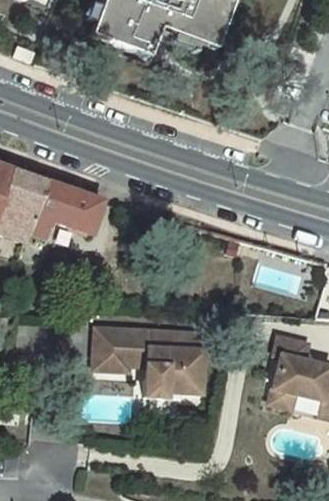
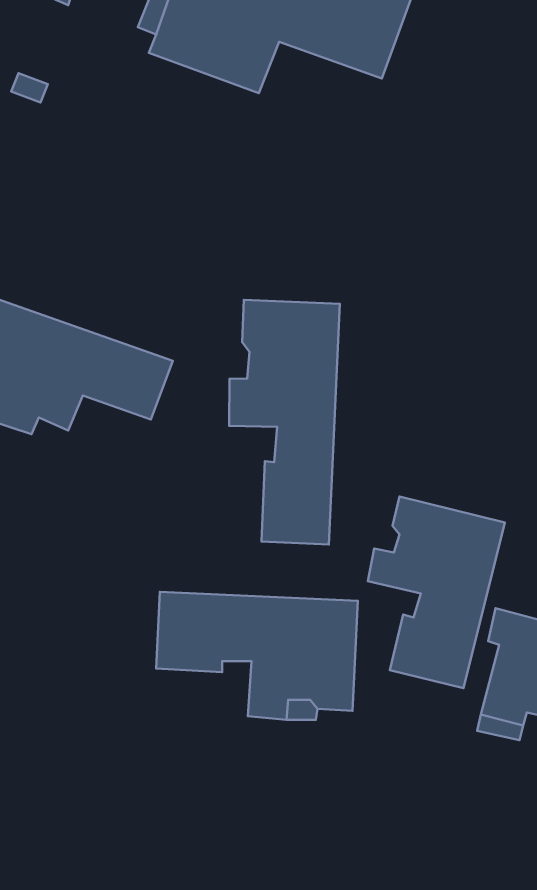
building: none -> [229,300,340,544]
building: none -> [368,497,505,688]

